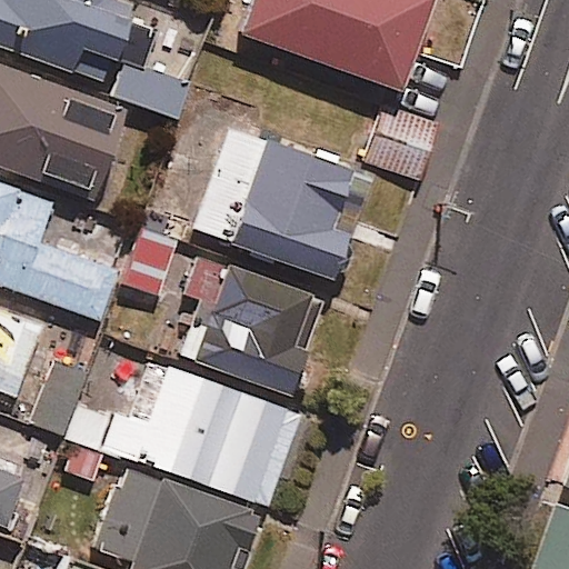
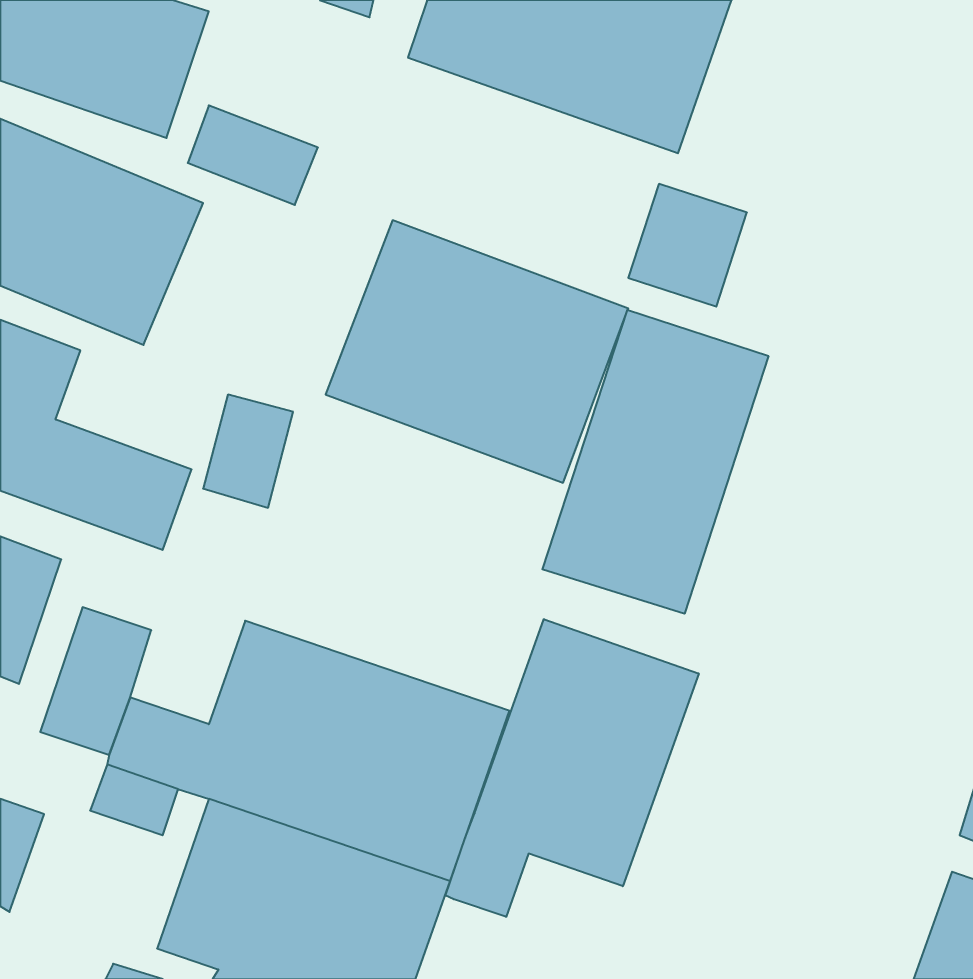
building: none -> [542,310,768,614]
building: [178,254,321,393] -> none
building: none -> [445,619,699,917]

